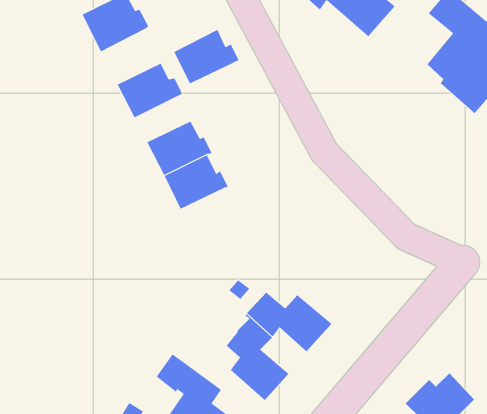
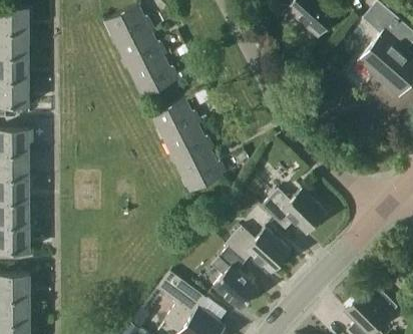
building: [173,29,239,84] -> [118,31,167,72]
building: none -> [177,149,226,191]
building: none -> [263,189,327,234]

